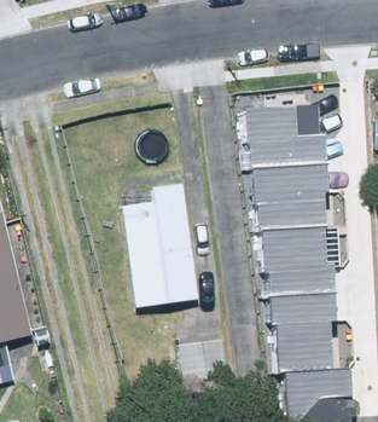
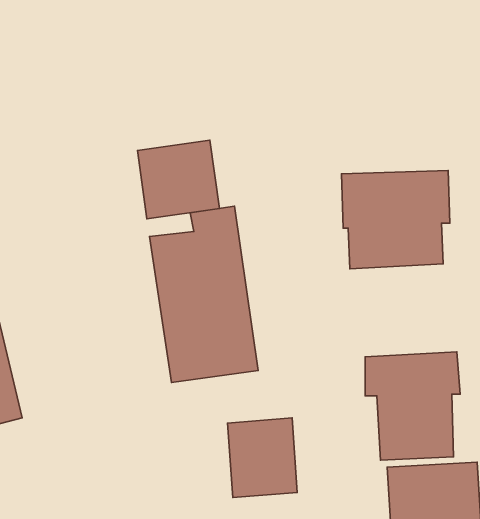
building: [249,98,332,162] -> none
building: none -> [137,140,219,219]
building: [262,226,338,293] -> none

